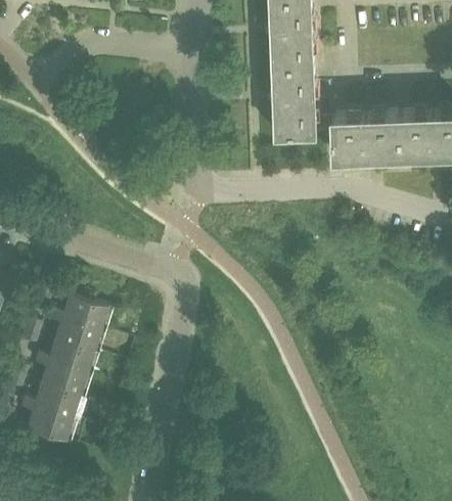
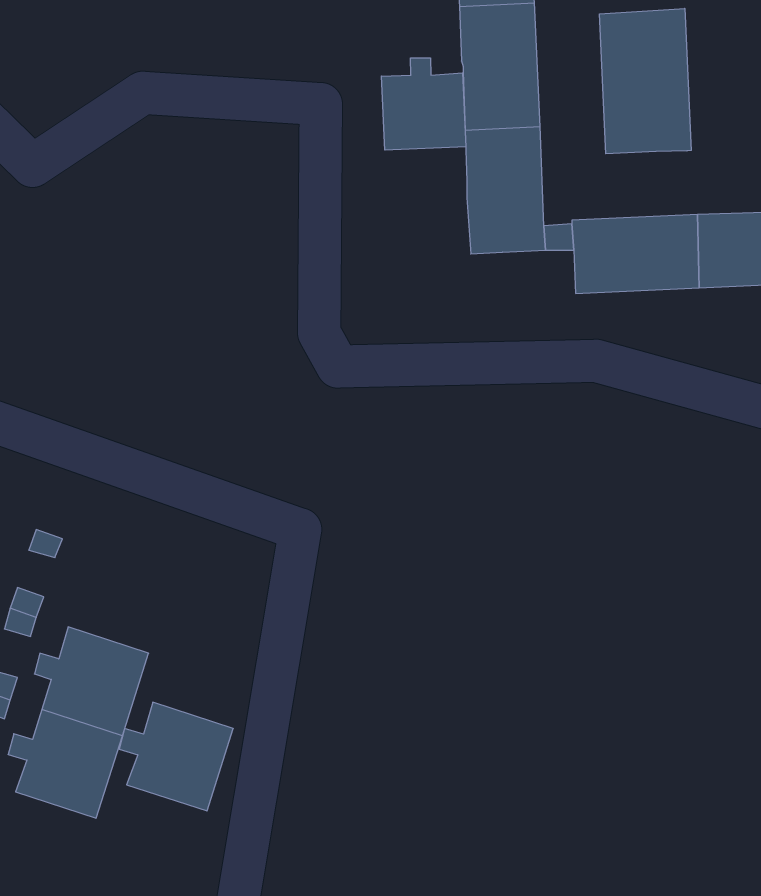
building: none -> [600,8,691,154]
building: none -> [381,58,466,150]
building: [50,300,112,359] -> [119,702,233,811]

